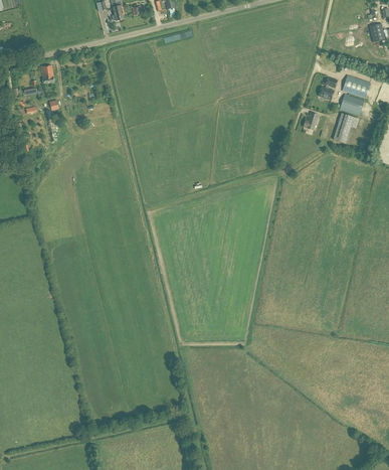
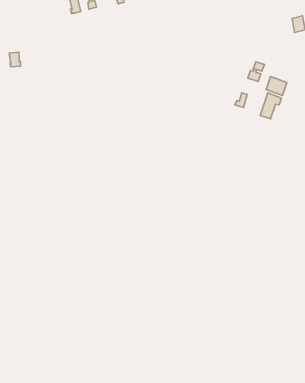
building: [342,74,369,98] -> none

